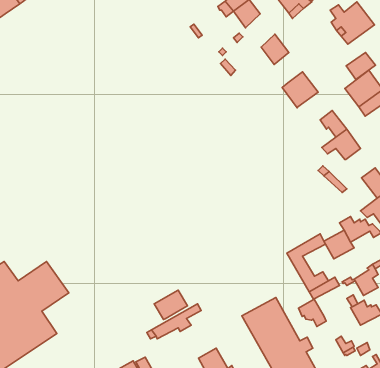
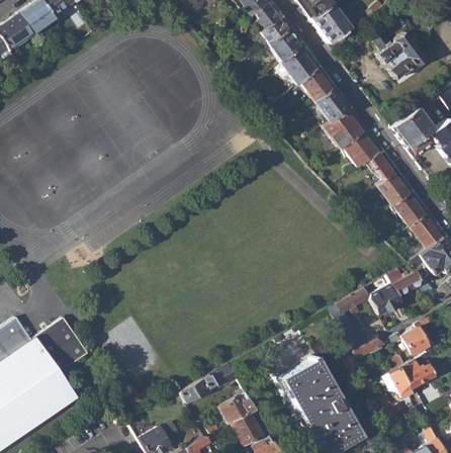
building: none -> [283,44,317,83]
building: [346,52,376,79] -> none
building: none -> [315,87,347,120]
building: none -> [342,130,379,168]
building: none -> [394,192,427,224]
building: [154,290,187,320] -> [220,391,257,424]
building: [298,299,326,327] -> [382,367,413,397]

